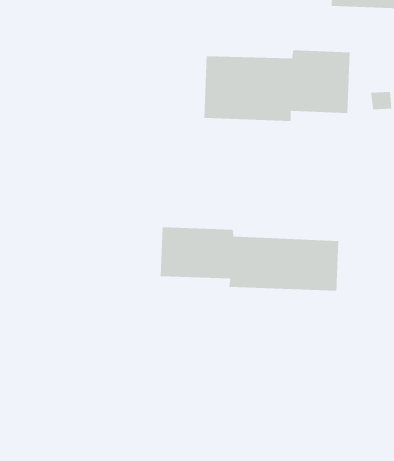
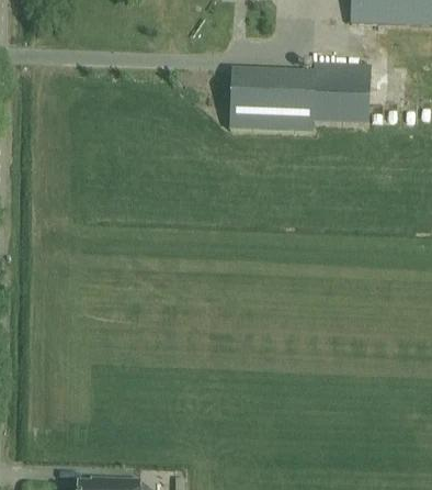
building: [160,227,339,292] -> none

